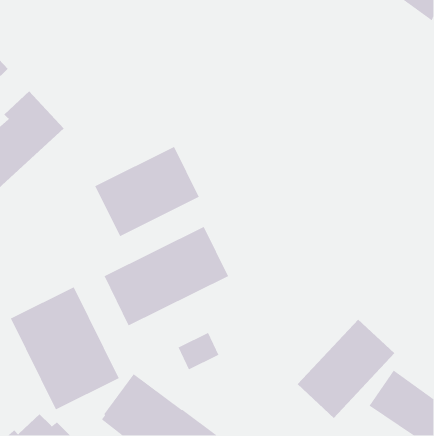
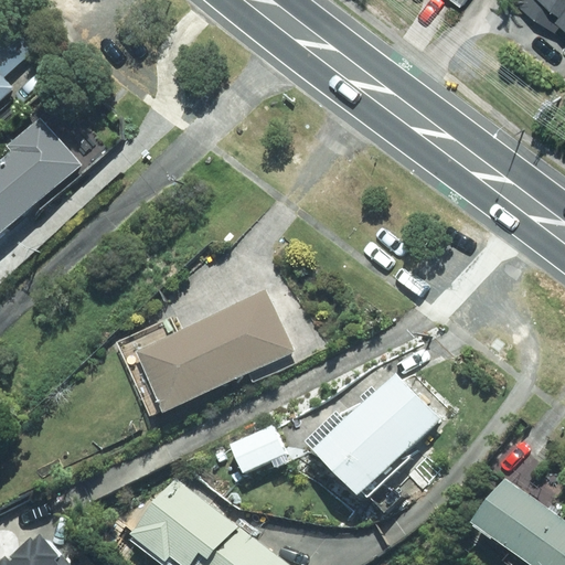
building: [94,146,200,237] -> none
building: [10,286,120,410] -> none
building: [297,319,395,419] -> [313,375,439,503]

